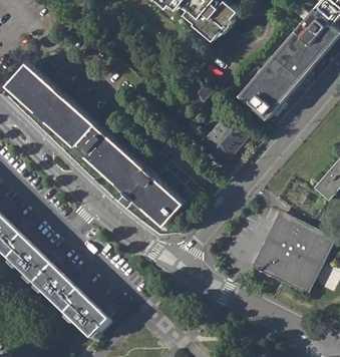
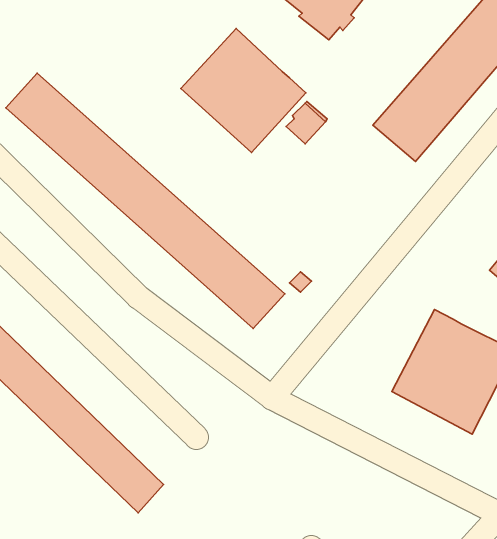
building: none -> [181,29,306,153]
building: [204,113,247,154] -> none

